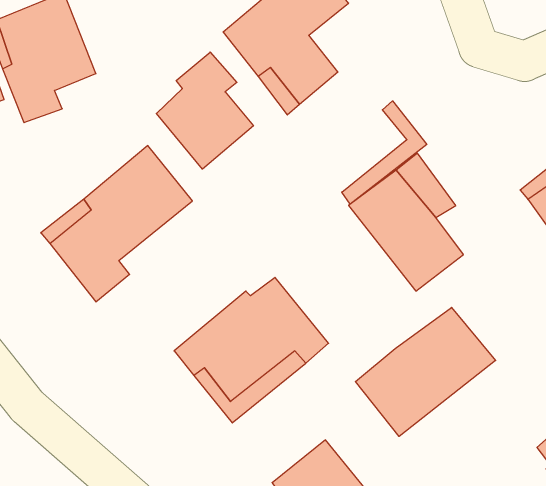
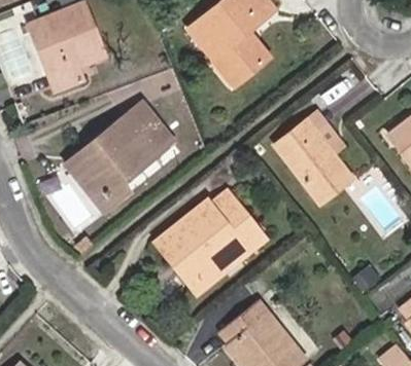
building: [156,52,253,169] -> none
building: [342,101,427,204] -> none
building: [355,307,496,436] -> none

